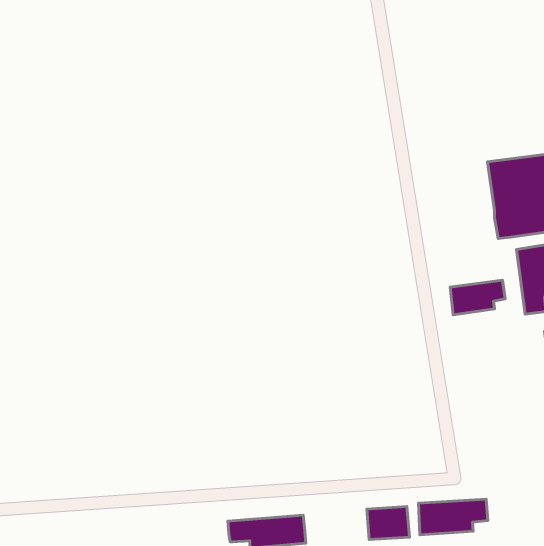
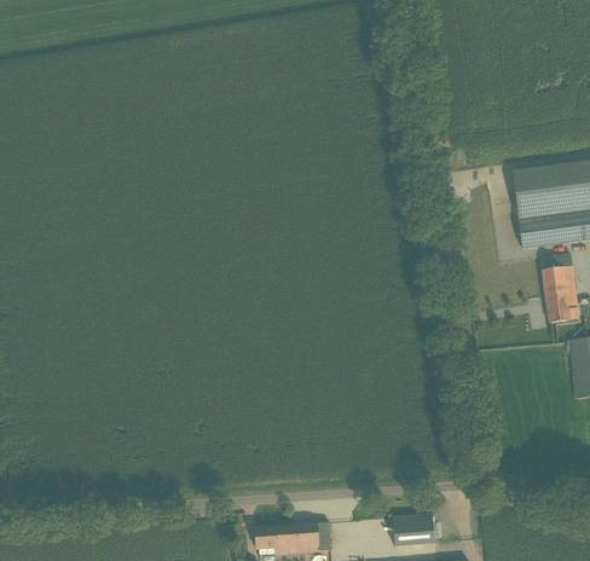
building: [450,280,505,315] -> none
building: [419,499,488,535] -> none

